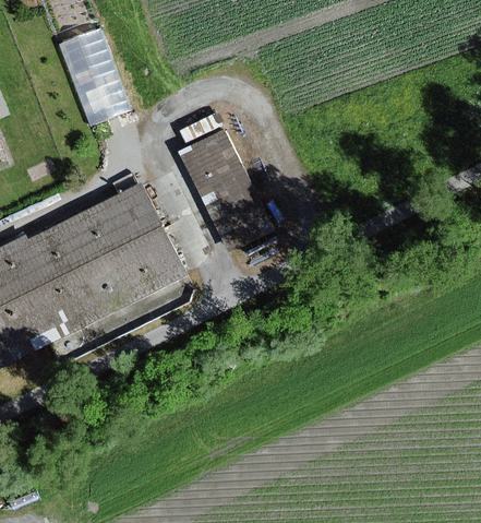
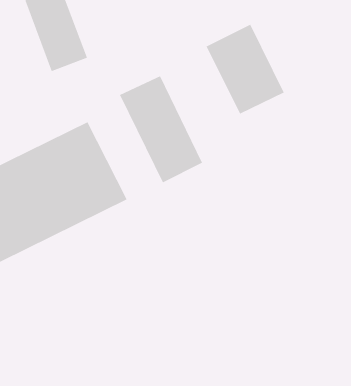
building: none -> [206,24,284,114]

